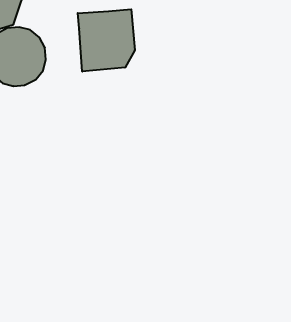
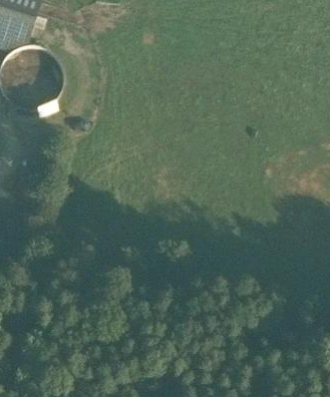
building: [78,9,135,72] -> none

